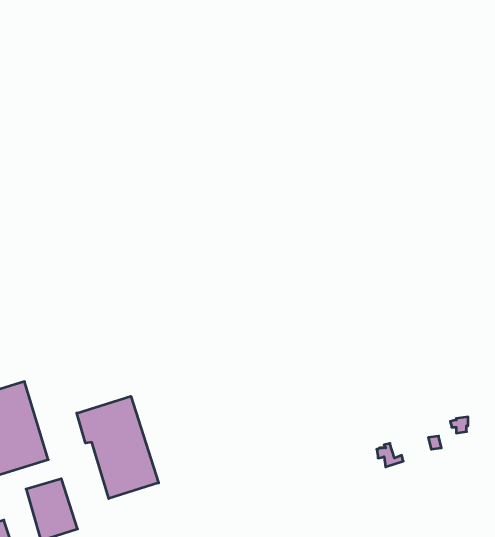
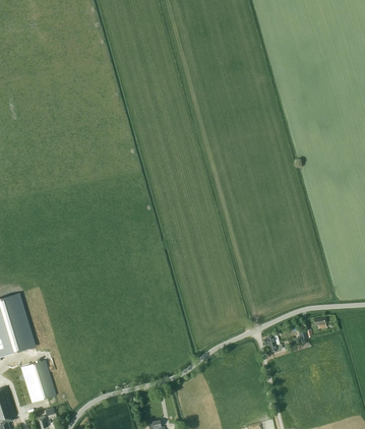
building: [77,396,159,499] -> none

